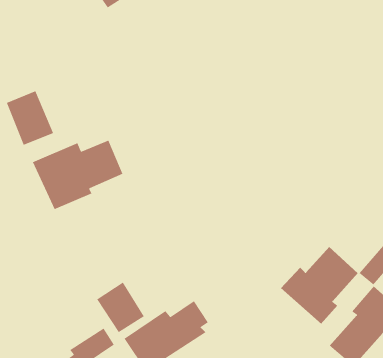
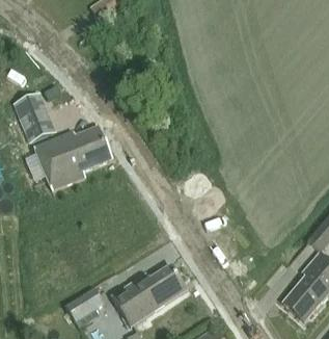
building: [280,246,359,325] -> none
building: [96,281,145,333] -> none

